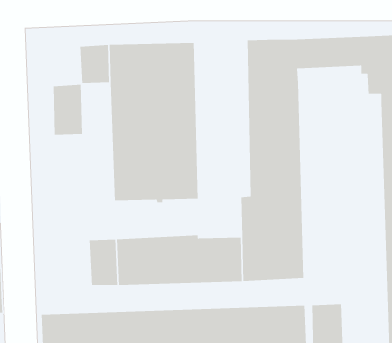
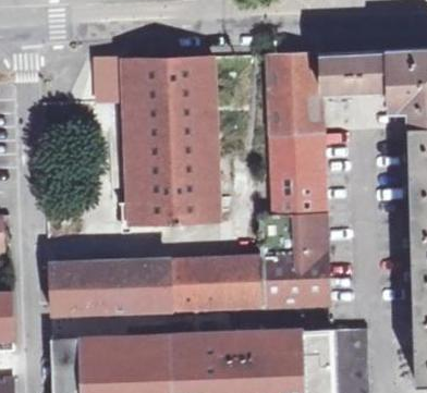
building: [53,84,83,135] -> none
building: none -> [49,263,105,314]

